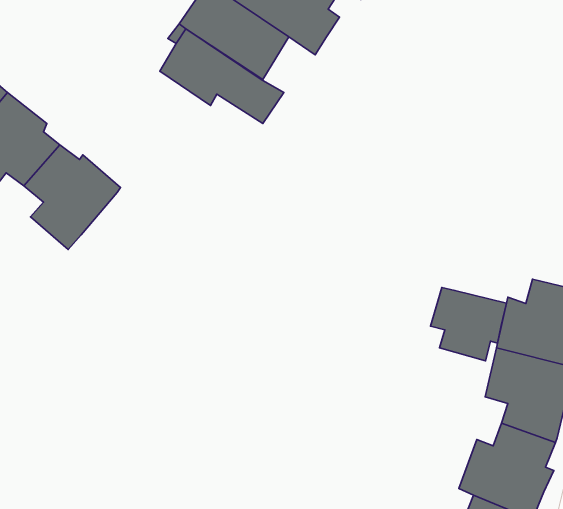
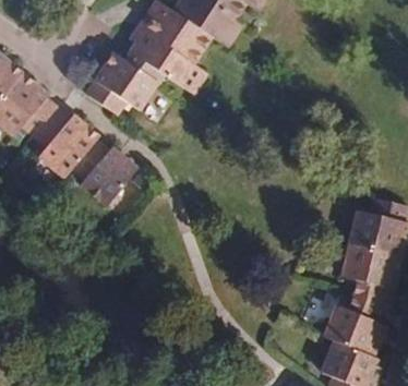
building: none -> [84,52,157,114]
building: none -> [71,140,136,205]
building: [431,288,507,361] -> none

